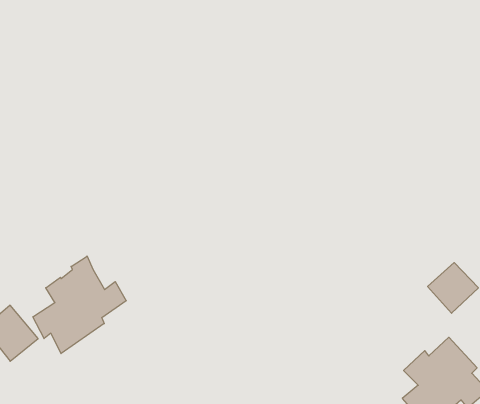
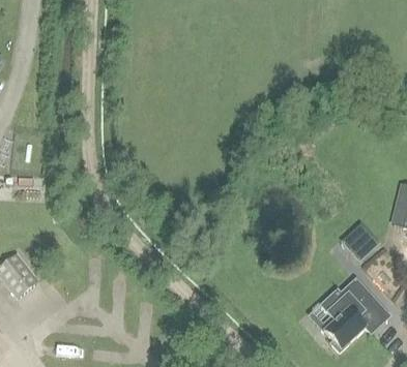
building: [33,256,126,354] -> none

